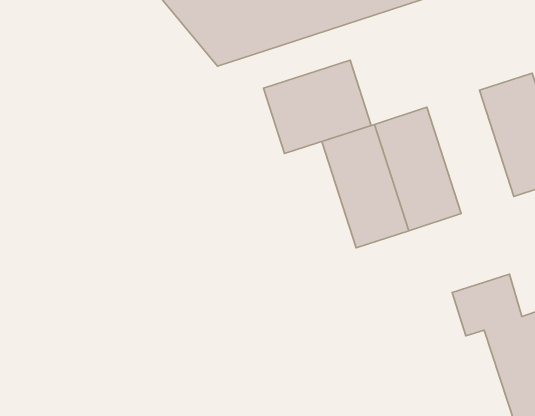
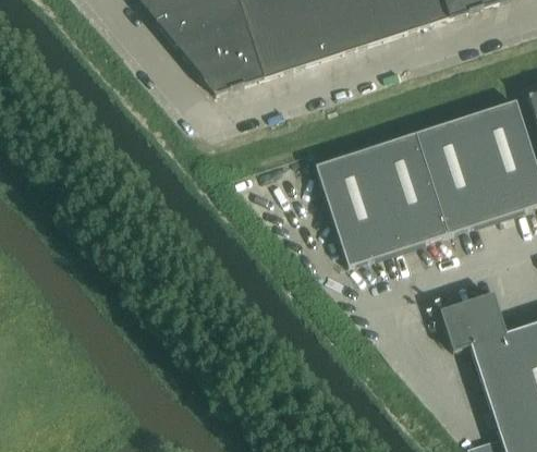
building: [263,60,371,153] -> none
building: none -> [416,114,499,232]

